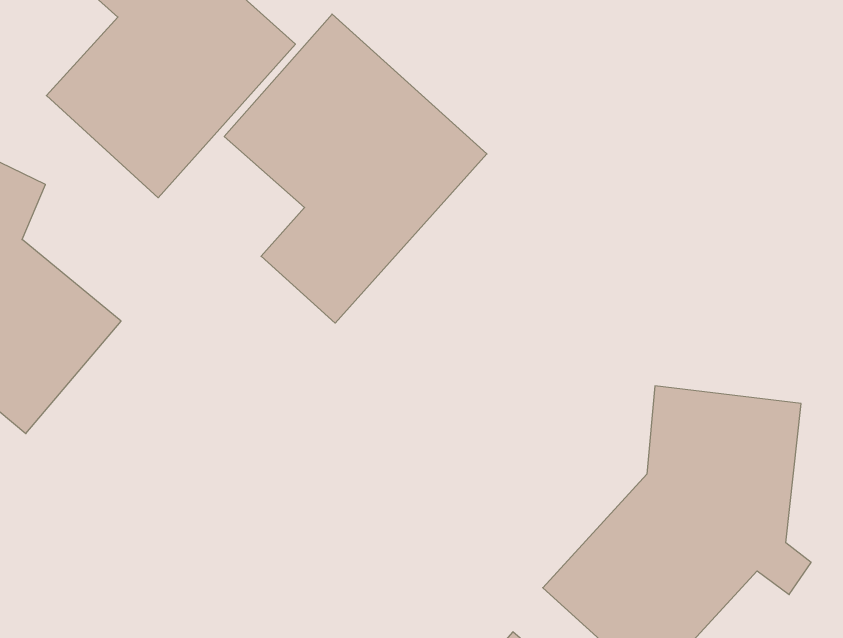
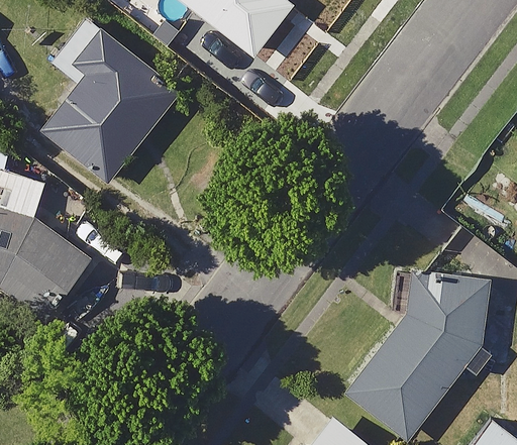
building: [224,14,487,323] -> none

